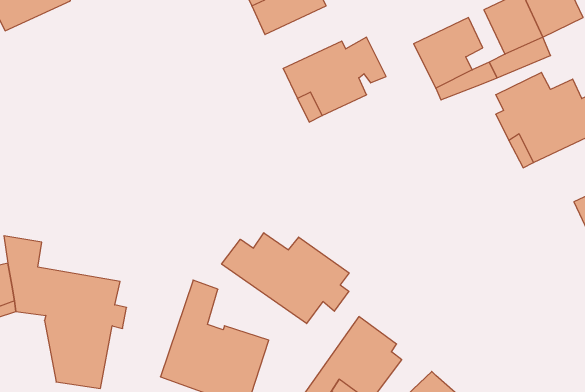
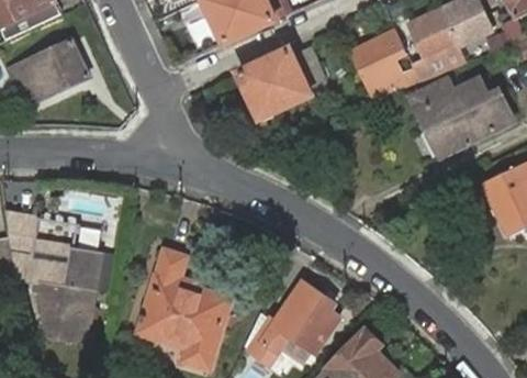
building: none -> [9,41,88,98]
building: [222,233,349,324] -> none

